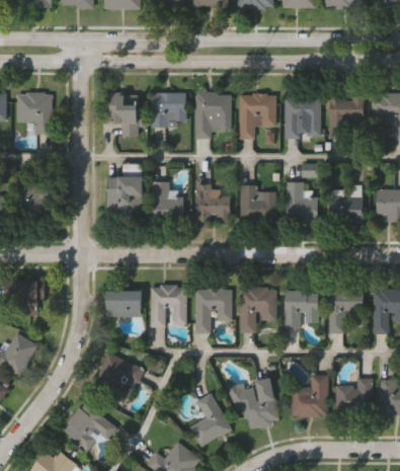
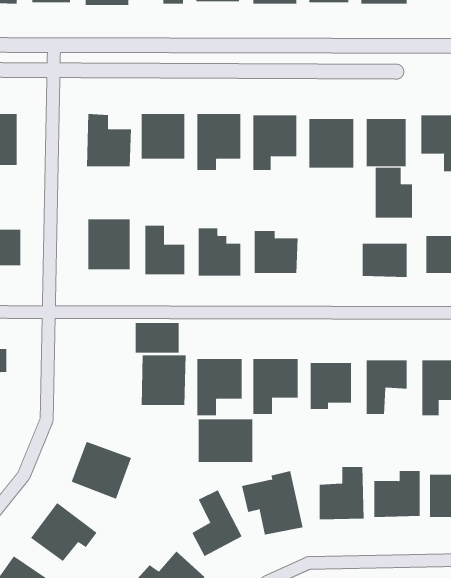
building: [286,183,316,224] -> [375,167,413,218]
building: [105,292,141,316] -> [135,323,179,353]
building: none -> [198,419,253,463]

